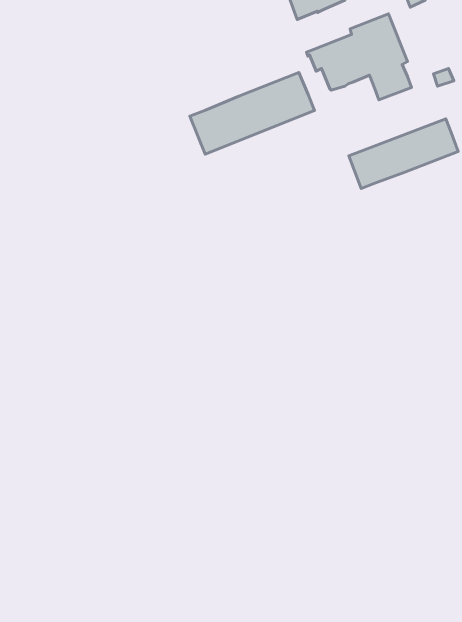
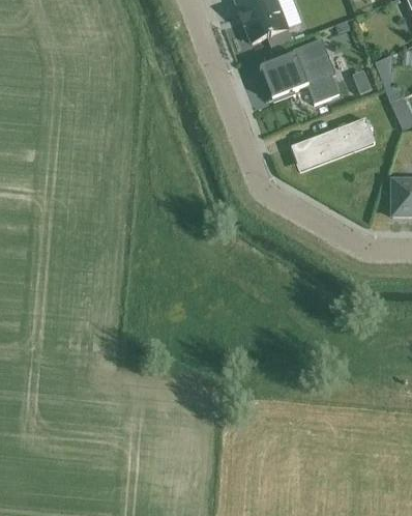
building: [190,72,314,154] -> none

